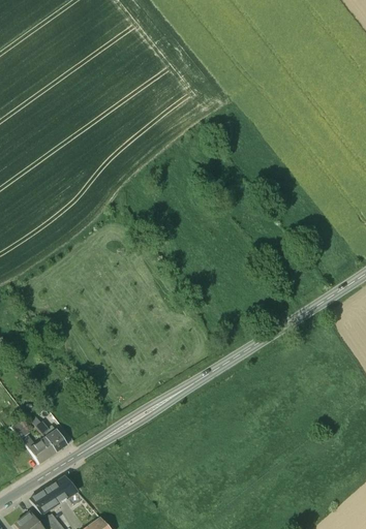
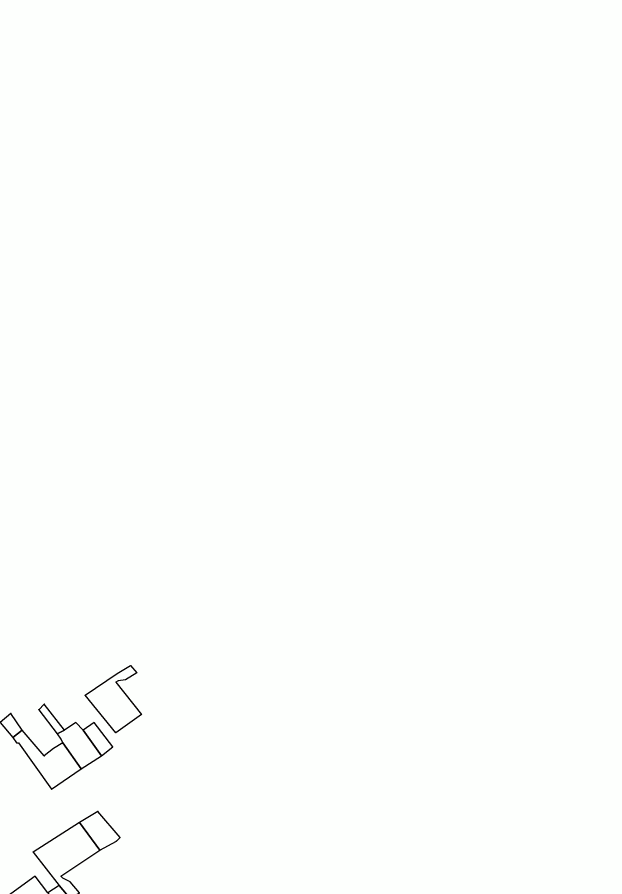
building: none -> [85,666,141,733]

